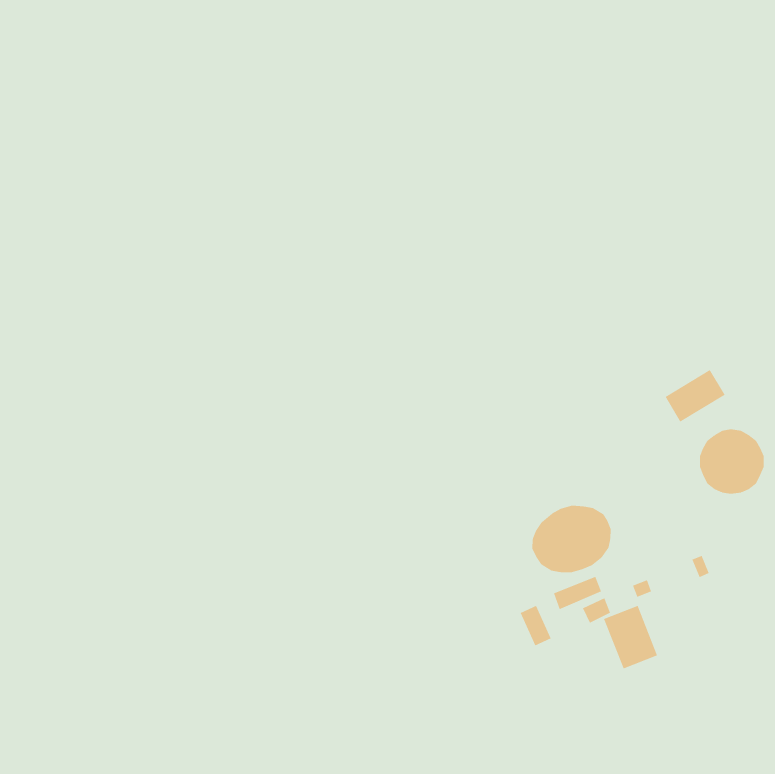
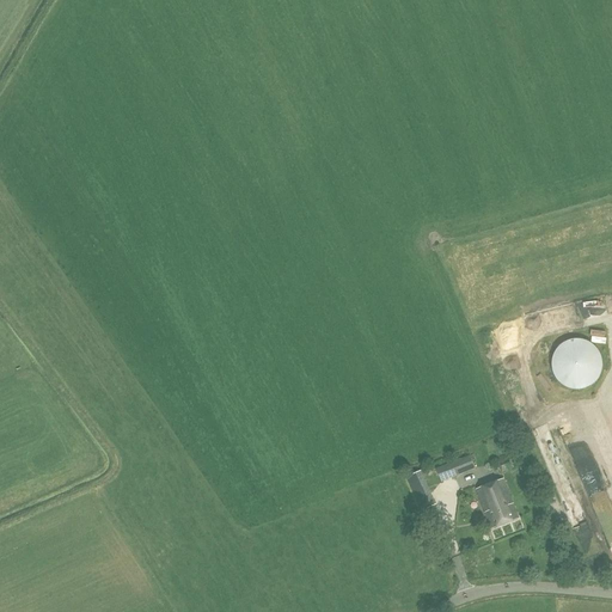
building: [665,369,726,422] -> none
building: [532,505,611,573] -> none

